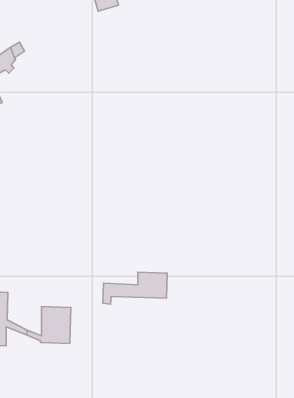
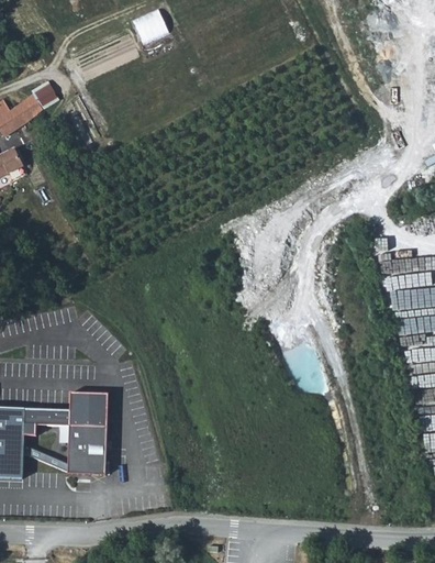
building: [103,272,167,304] -> [23,394,108,435]

